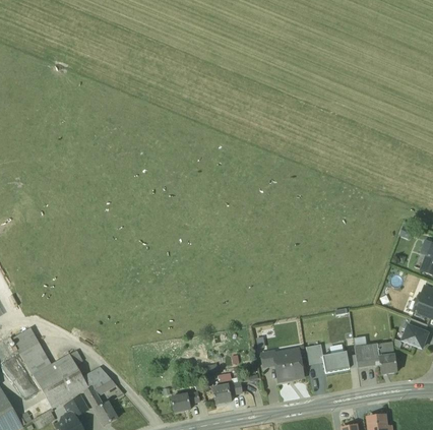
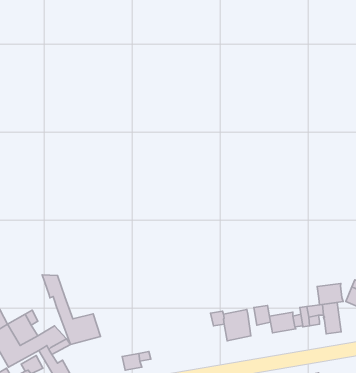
building: none -> [42,275,101,345]
building: none -> [317,283,343,305]
building: [212,382,242,404] -> none

